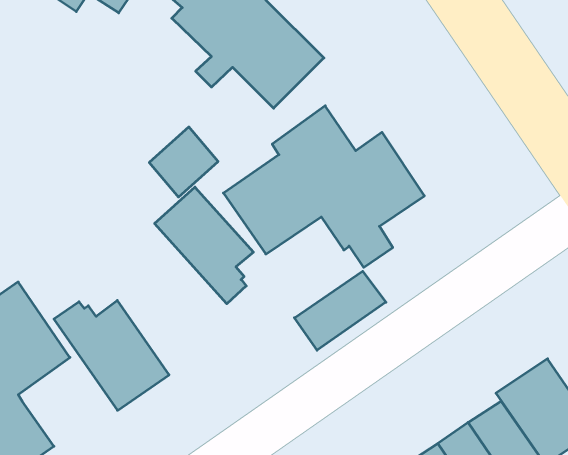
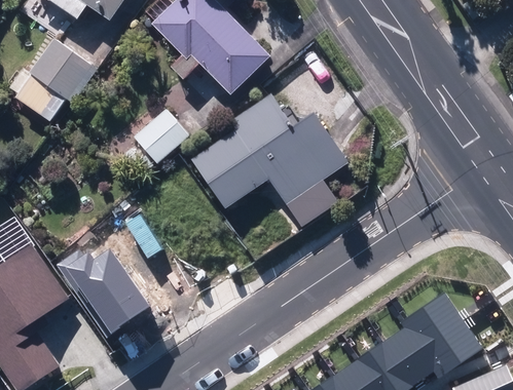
building: none -> [31,42,94,104]
building: [155,187,253,304] -> none
building: [294,271,386,350] -> none

